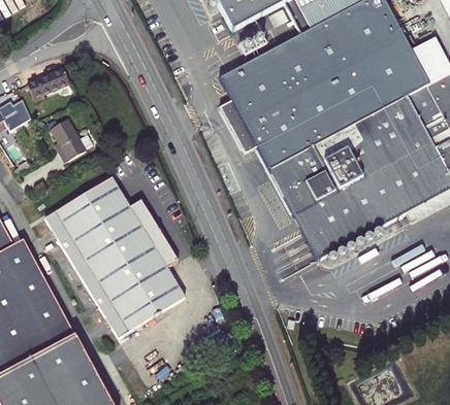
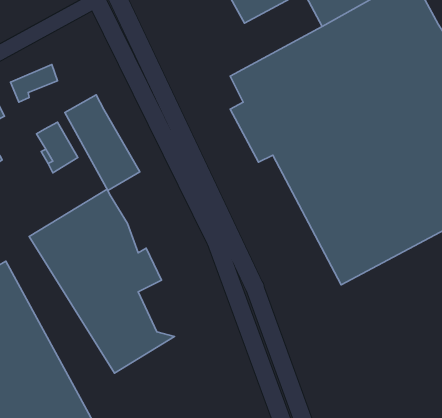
building: none -> [65,95,140,191]
building: [130,198,186,304] -> none

